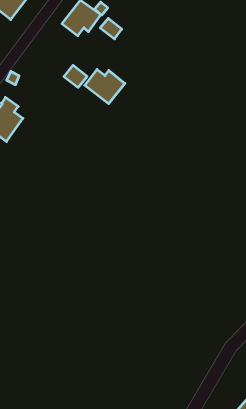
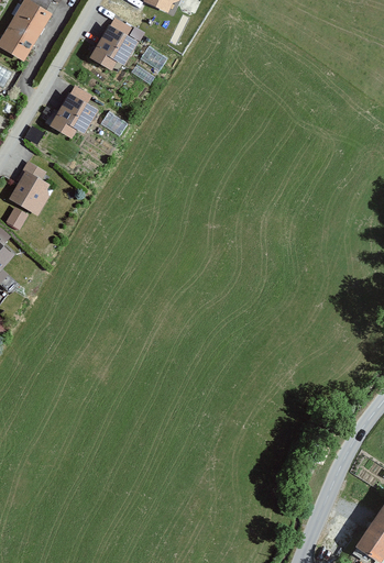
building: none -> [47,91,98,140]
building: [85,69,125,104] -> none

